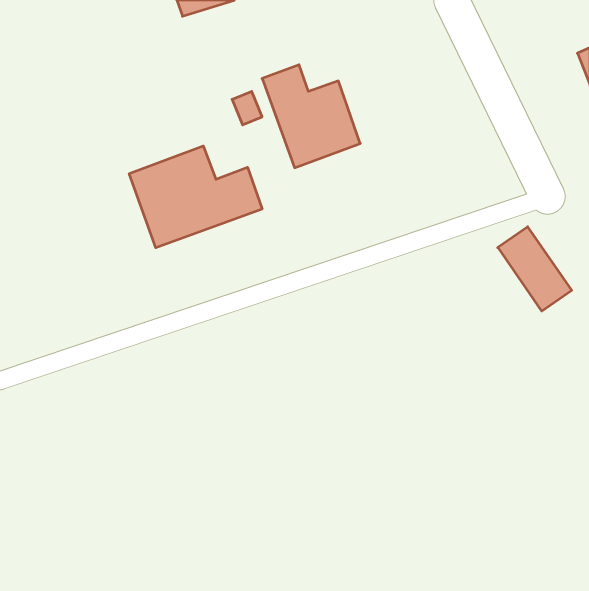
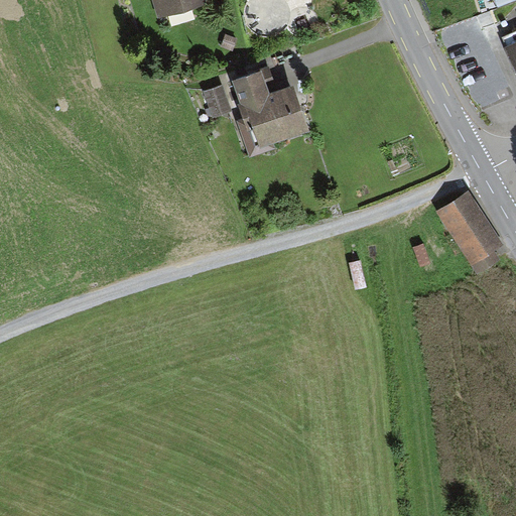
building: [129,146,262,248] -> none

